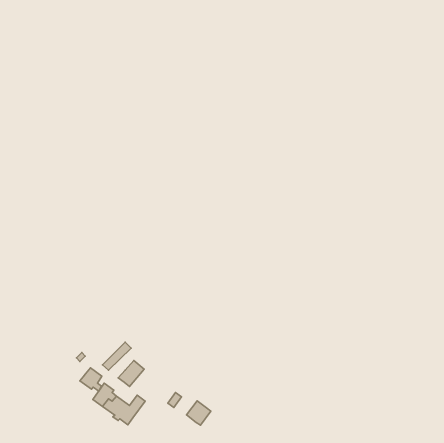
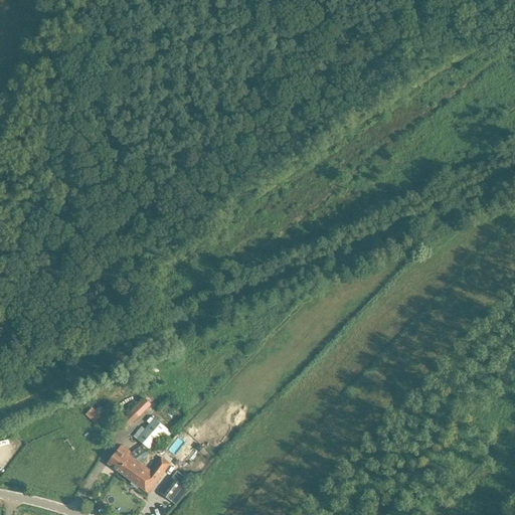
building: [80,368,102,391] -> none
building: [187,401,211,425] -> [160,476,188,504]

